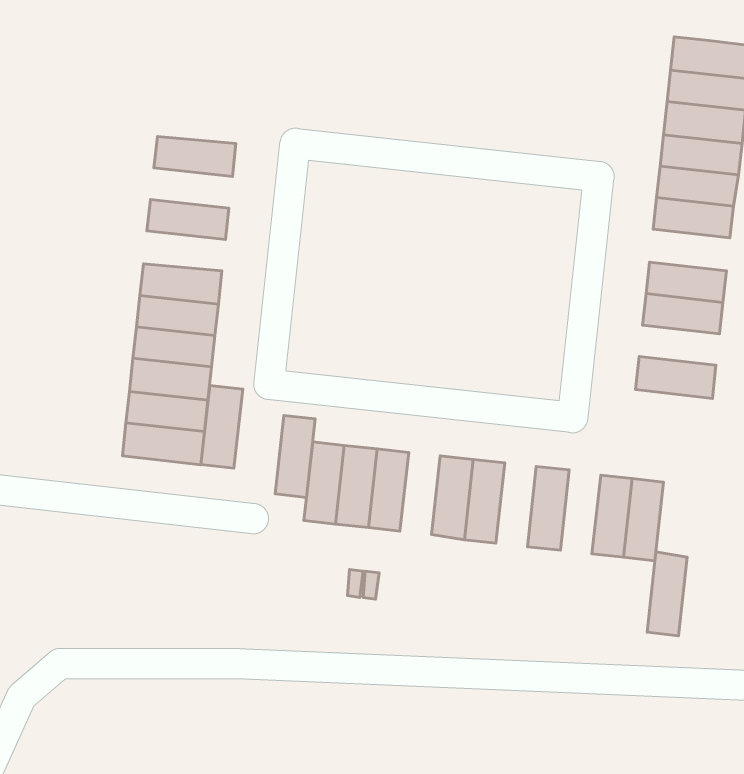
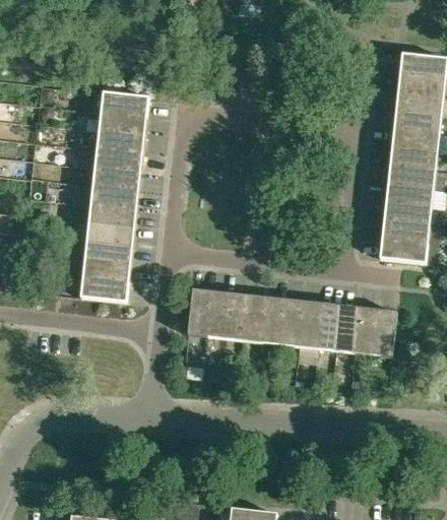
building: none -> [101,91,148,114]
building: none -> [97,128,144,151]
building: none -> [387,164,434,188]
building: none -> [92,165,140,188]
building: none -> [381,219,428,243]
building: [201,385,243,468] -> none
building: [275,415,315,497] -> [242,294,265,341]
building: none -> [298,300,321,348]
building: [647,552,687,636] -> [335,304,359,352]

